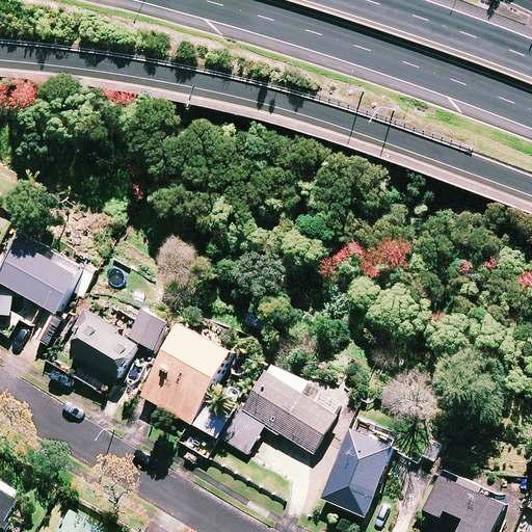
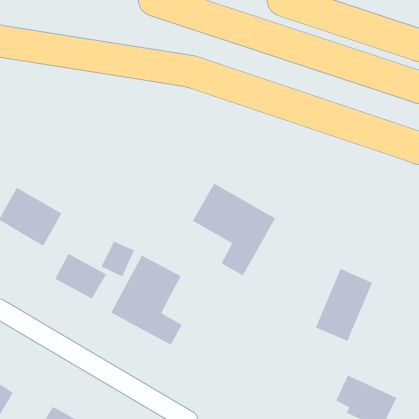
building: none -> [192,183,276,277]
building: [222,363,335,456] -> none
building: [321,423,395,516] -> [315,268,373,342]

